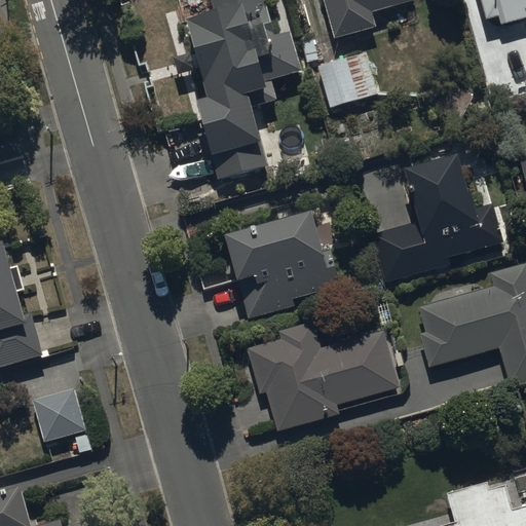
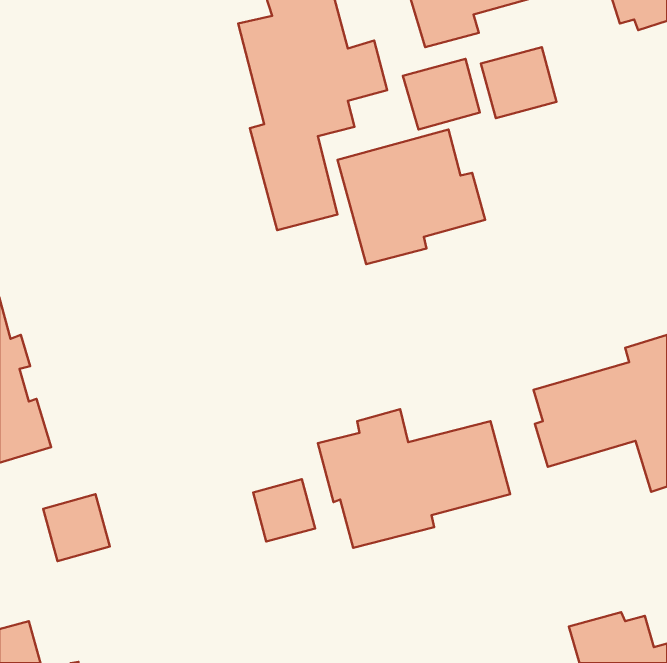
building: none -> [481,47,556,118]
building: [371,156,503,281] -> none
building: [226,214,342,320] -> [337,130,485,264]
building: none -> [253,479,315,542]

